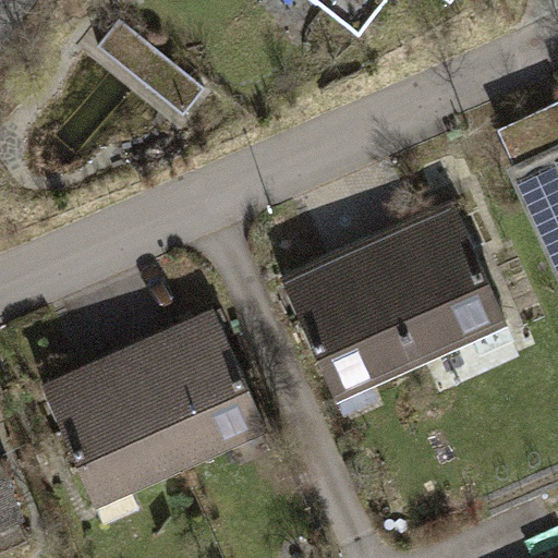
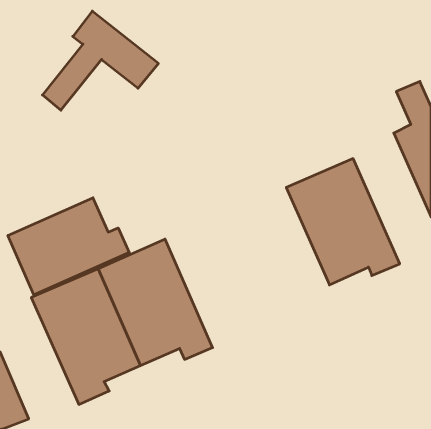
building: [283,241,424,412] -> none
building: none -> [8,198,129,295]

